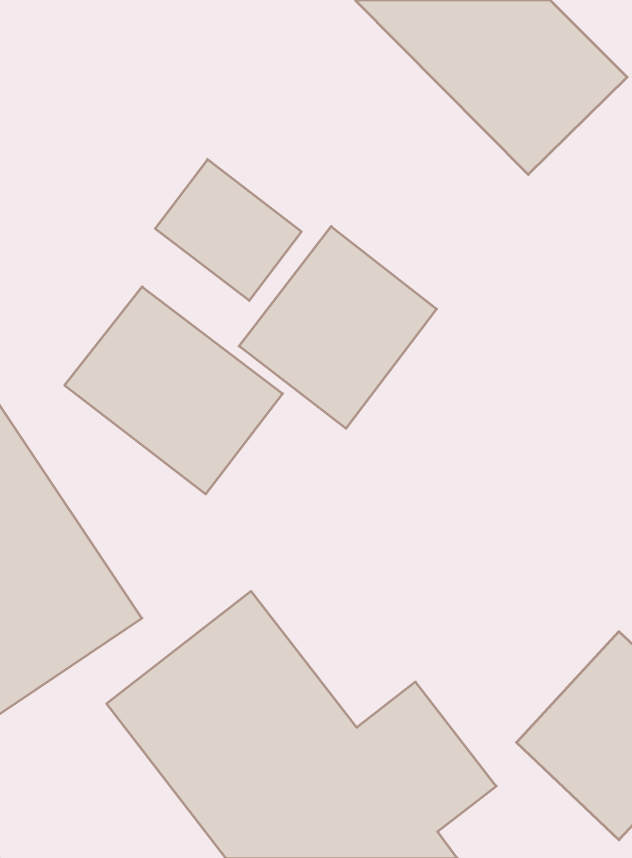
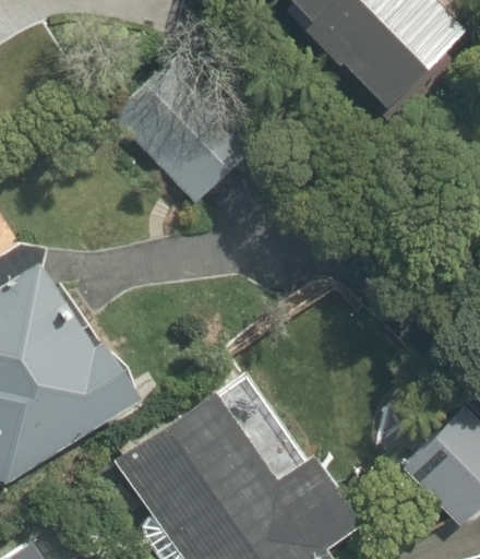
building: [239,226,437,428] -> none
building: [65,287,283,494] -> none

